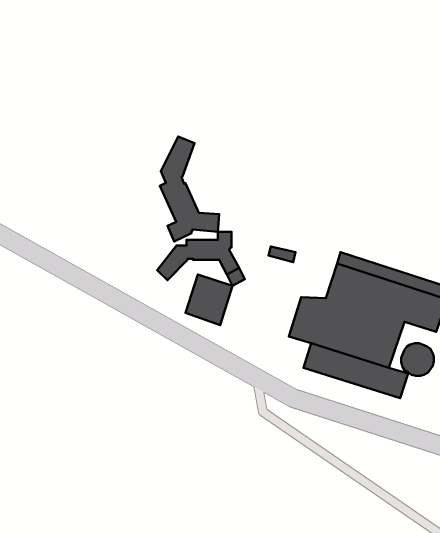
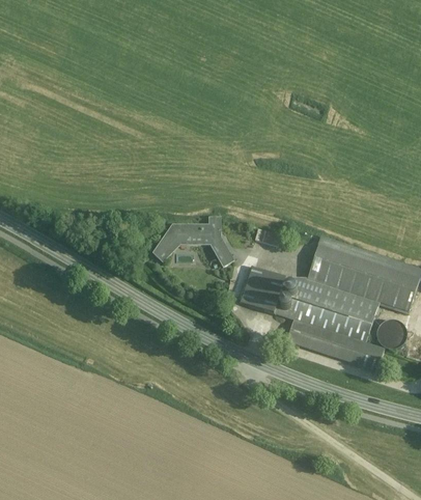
building: [160,137,219,241] -> none
building: [185,275,233,325] -> [241,267,284,313]

